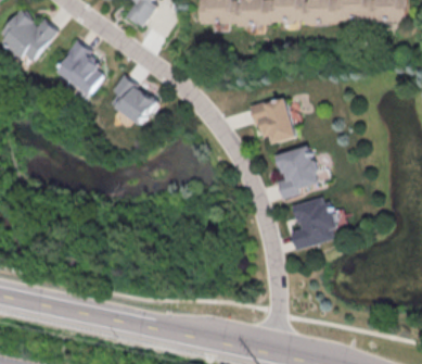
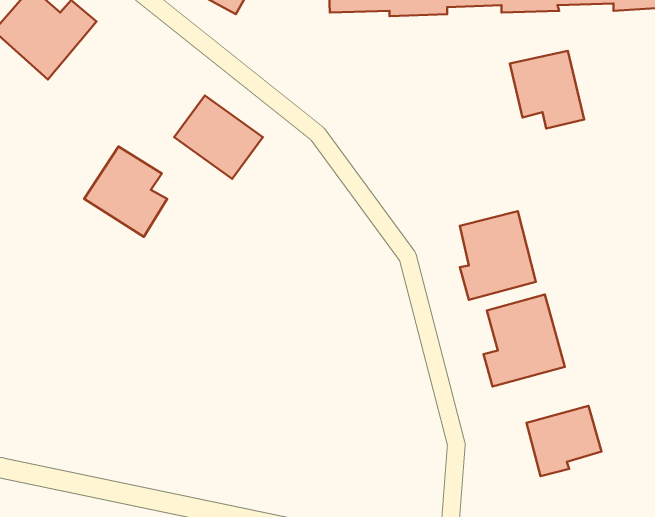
building: [56,40,106,95] -> [84,147,167,237]
building: [252,97,296,143] -> [510,51,584,128]
building: none -> [527,406,601,476]

